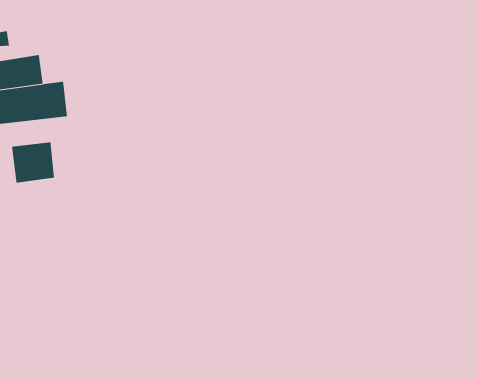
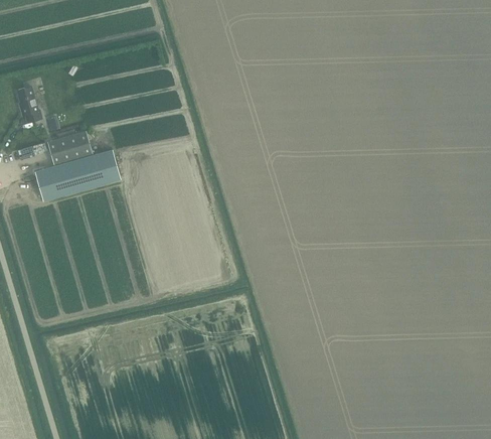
building: [11,142,54,184] -> none

